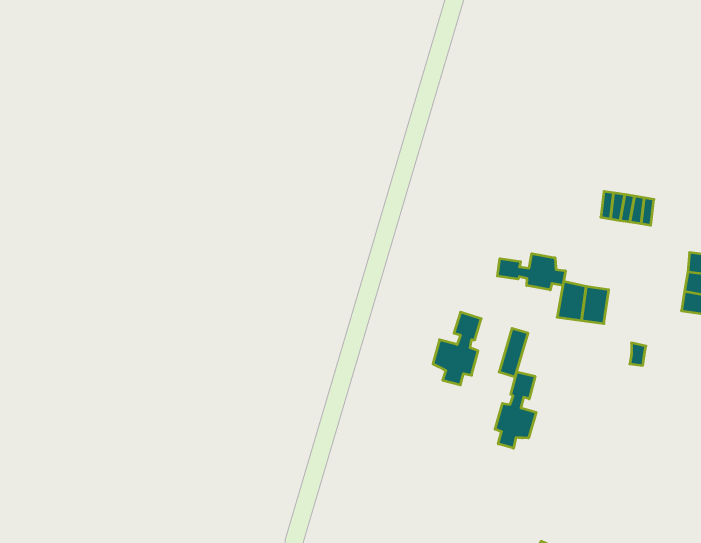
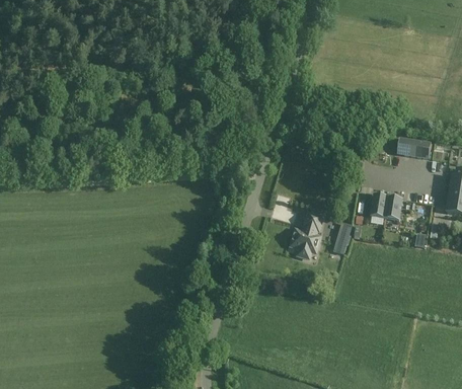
building: [497,254,565,290] -> none
building: [495,372,536,448] -> none

